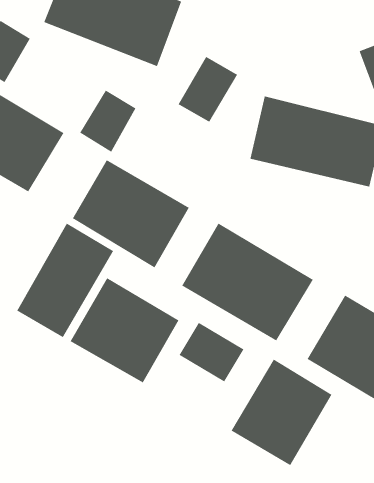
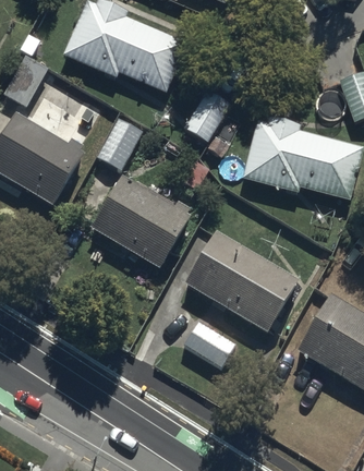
building: [16,223,114,338] -> none
building: [69,277,180,384] -> none
building: [231,358,332,466] -> none

